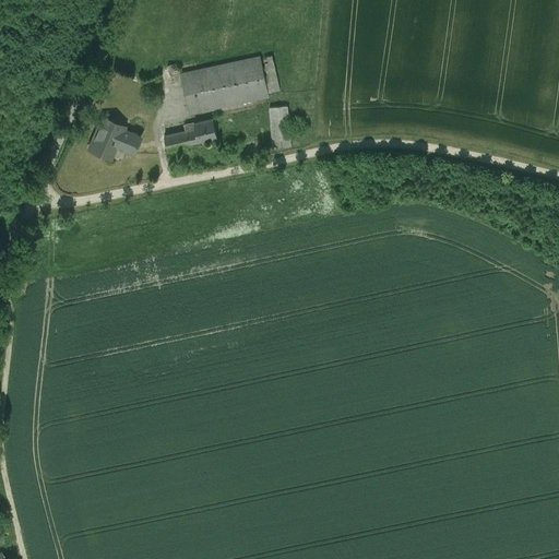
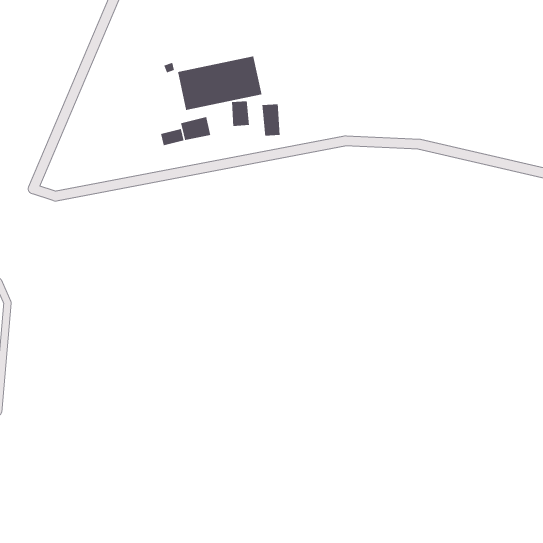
building: none -> [231,101,250,127]
building: [86,116,140,157] -> none

